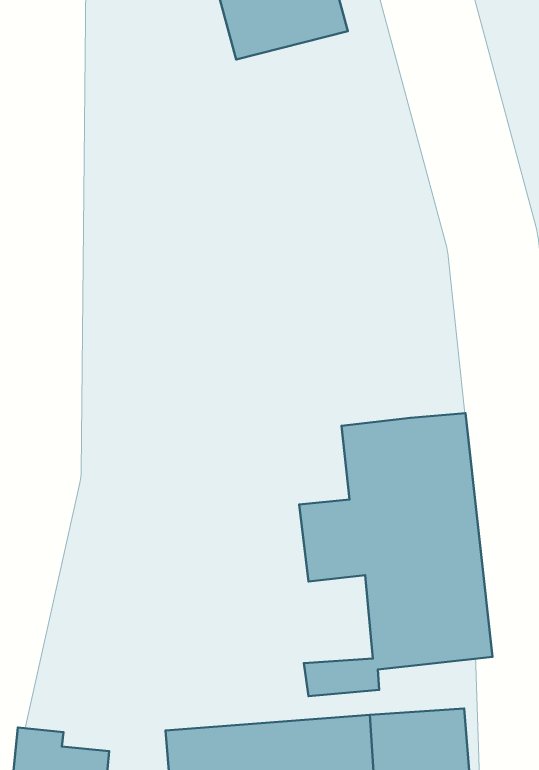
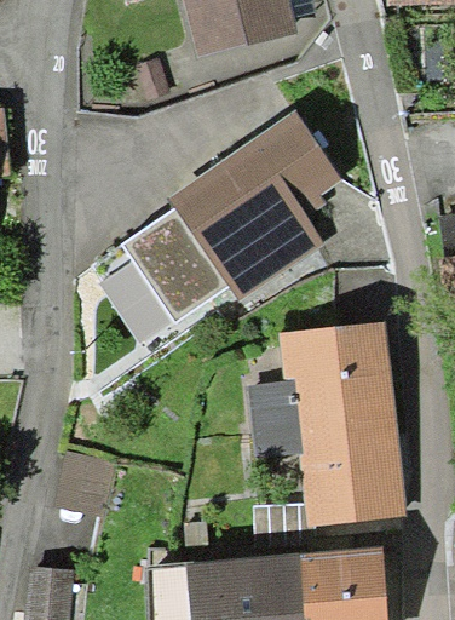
building: none -> [177,121,334,295]
building: none -> [98,222,200,322]

